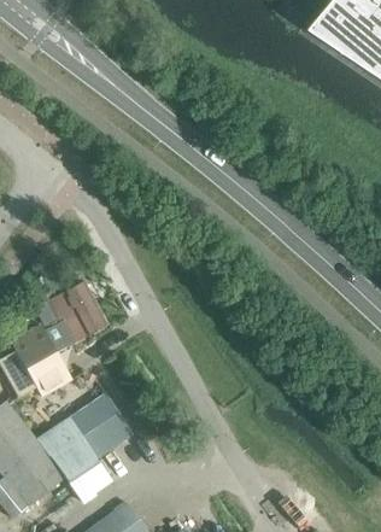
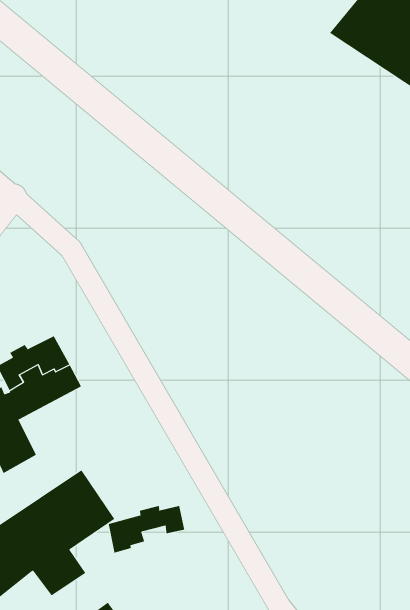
building: none -> [108,505,185,553]

